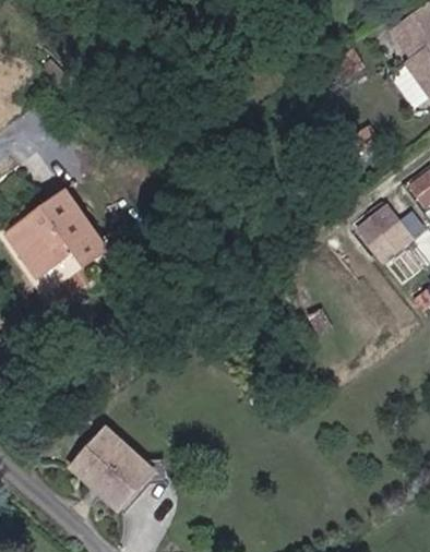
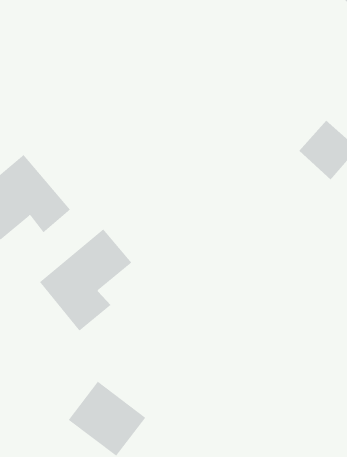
building: none -> [39,228,132,331]

